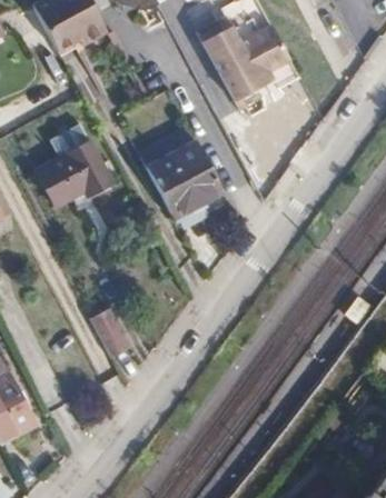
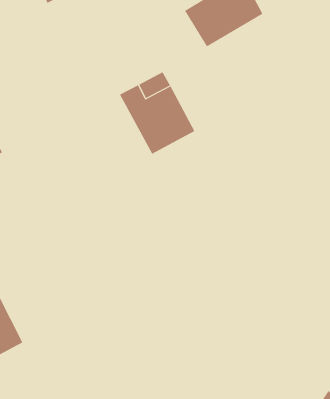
building: [33,142,111,208] -> none
building: [86,308,126,358] -> none

